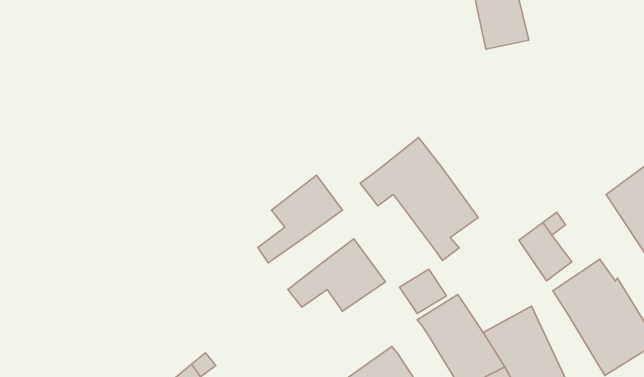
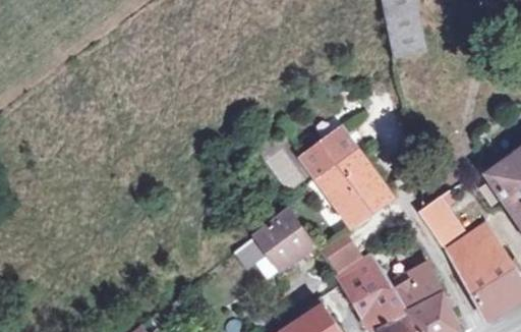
building: [258,175,342,263] -> none

